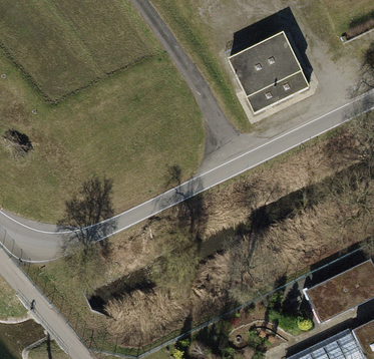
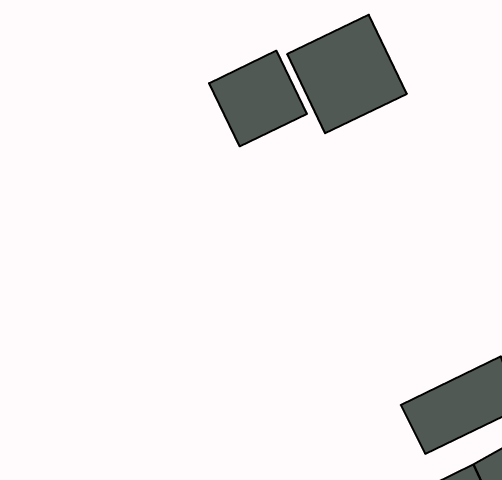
building: none -> [209,51,307,146]

